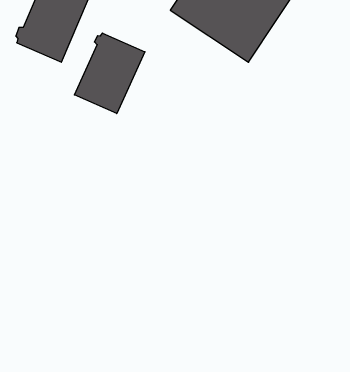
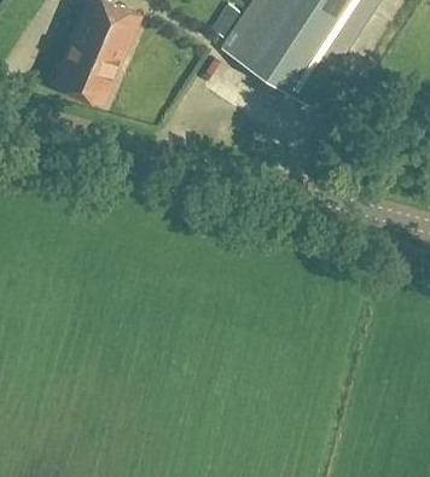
building: [74,33,145,114] -> none

